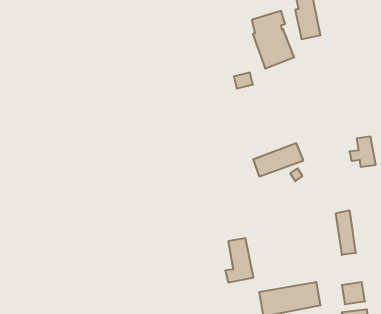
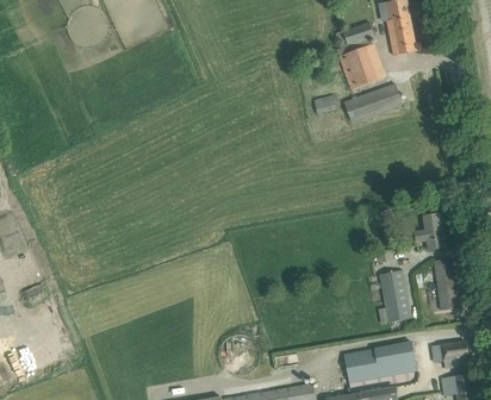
building: [349,137,376,167] -> [414,213,445,249]
building: [253,143,303,176] -> [343,83,403,123]
building: [225,238,253,283] -> [377,270,410,323]

